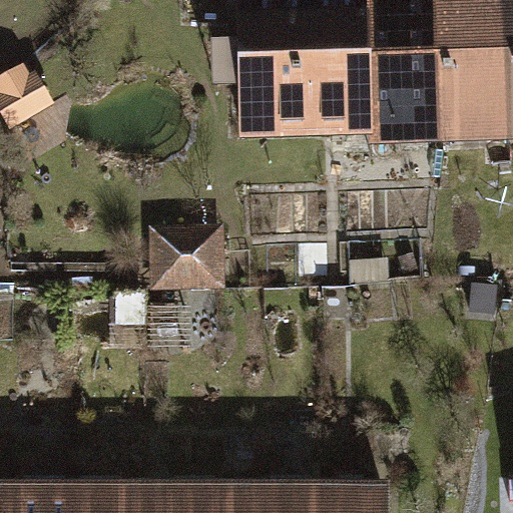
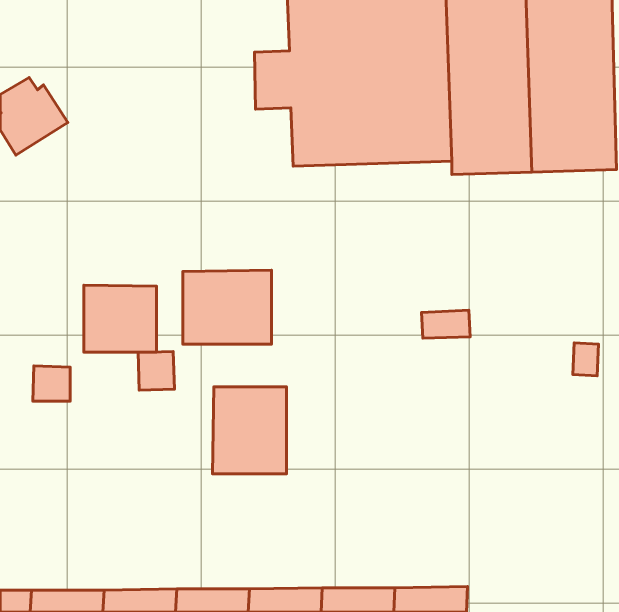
building: none -> [84,285,157,352]
building: none -> [213,387,287,474]

